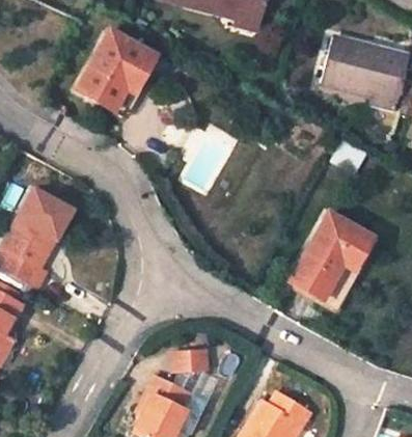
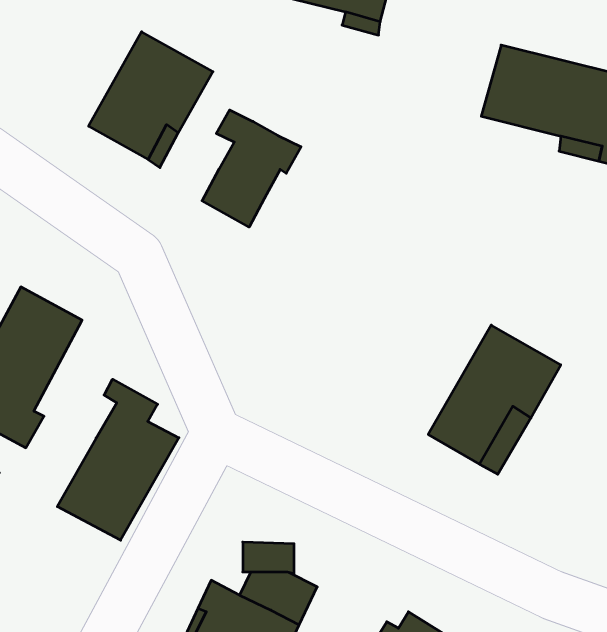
building: none -> [202,110,301,227]
building: none -> [57,379,179,540]

